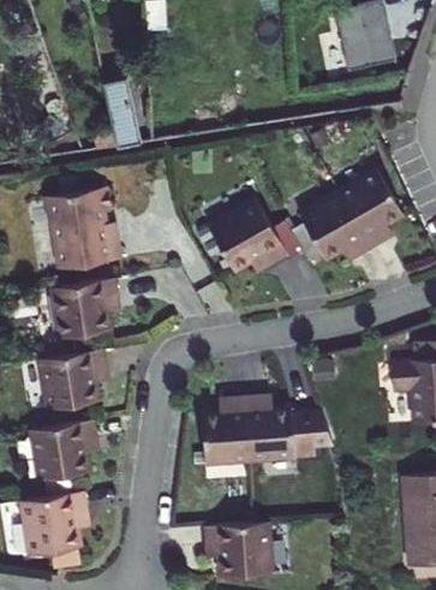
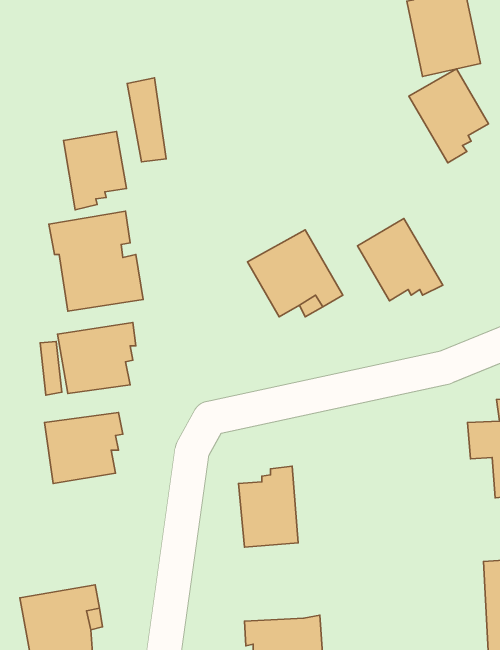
building: none -> [64,132,127,210]
building: [336,168,402,246] -> [409,69,488,163]
building: [244,395,332,460] -> none
building: [29,423,94,482] -> none

